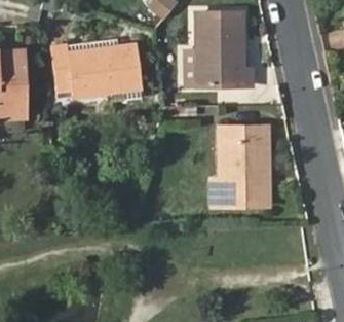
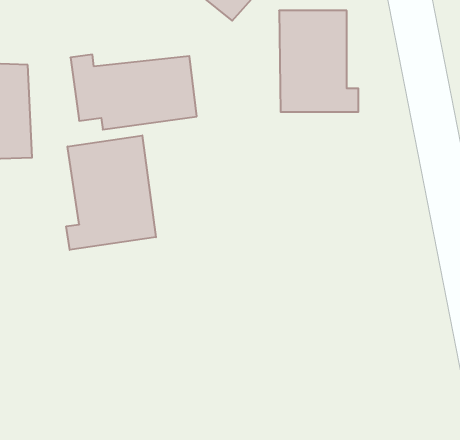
building: none -> [66,135,156,250]
building: [213,128,270,205] -> none

